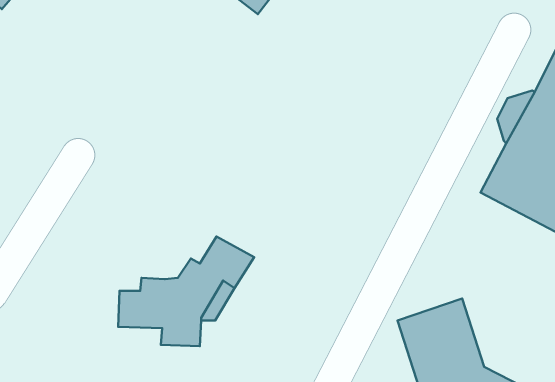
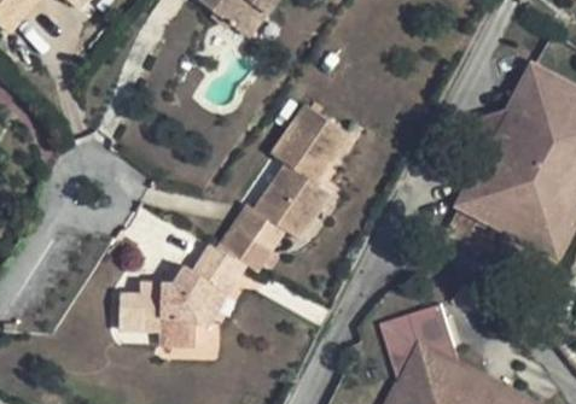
building: none -> [215,105,348,271]

